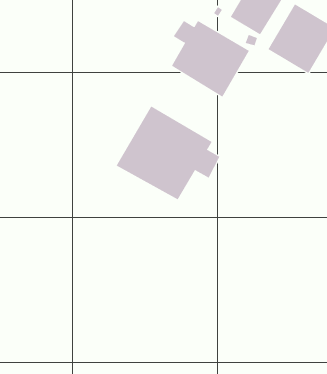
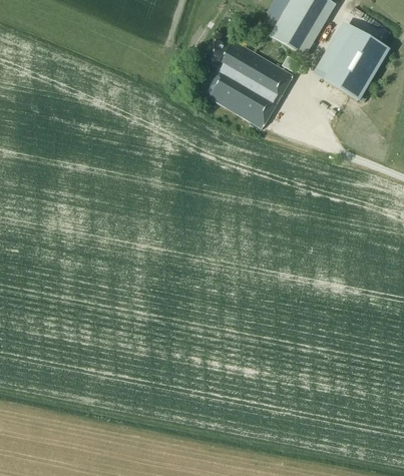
building: [116,105,220,200] -> none

